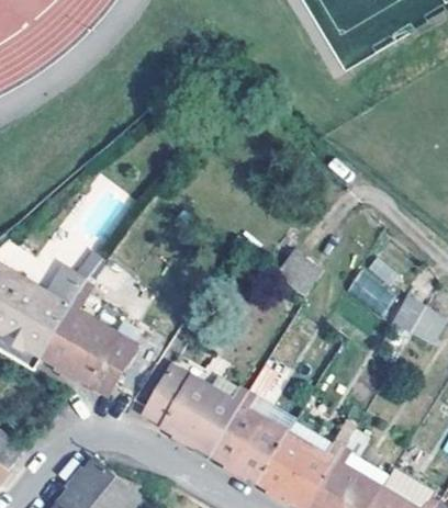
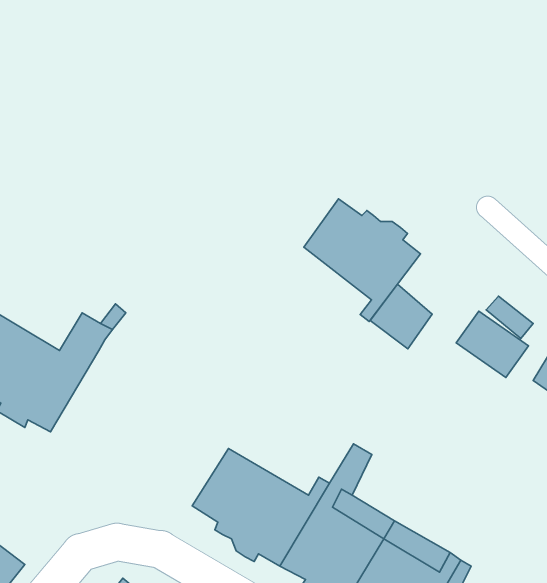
building: none -> [304,199,420,321]
building: [42,295,134,393] -> none

